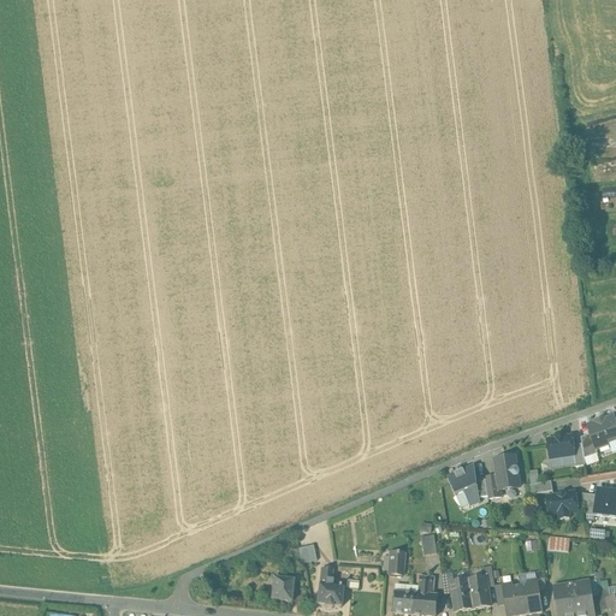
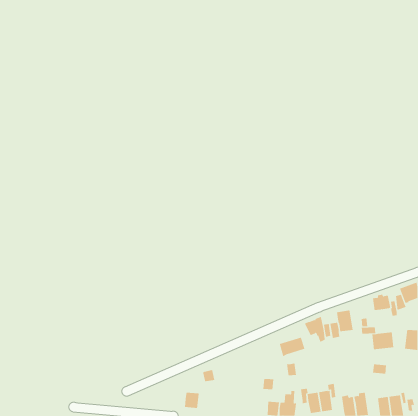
building: none -> [279,337,305,357]
building: [316,568,342,608] -> none

